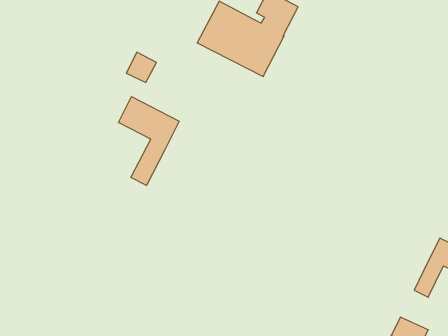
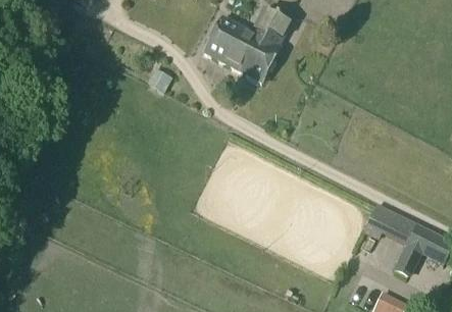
building: [119,97,179,185] -> none
building: none -> [363,203,416,244]

